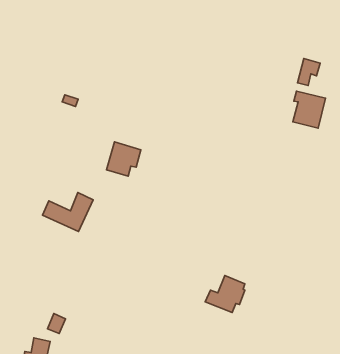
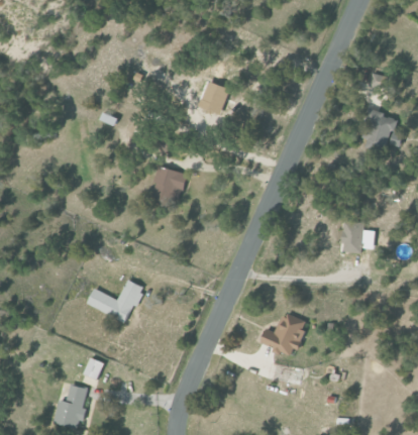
building: none -> [200,82,229,114]
building: none -> [341,222,362,253]
building: [42,193,93,231] -> [87,280,143,323]

